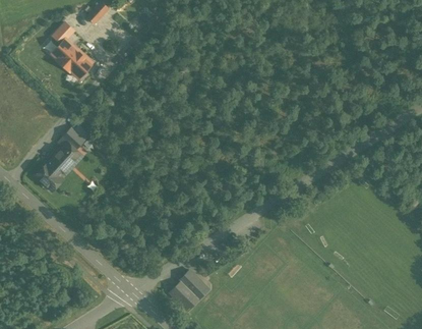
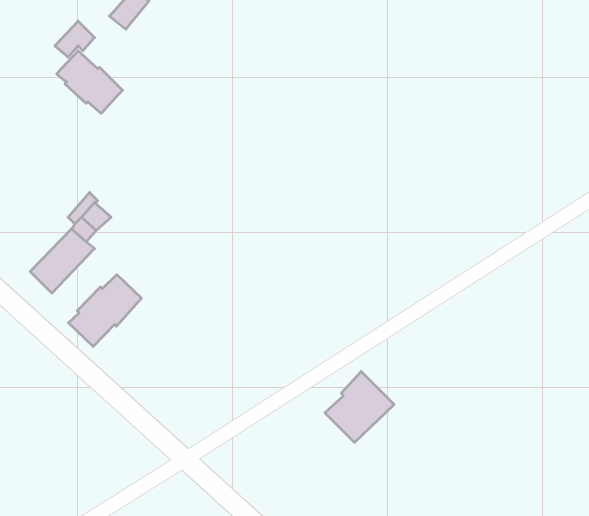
building: none -> [68,275,141,347]
building: [168,268,210,312] -> [325,371,394,442]

